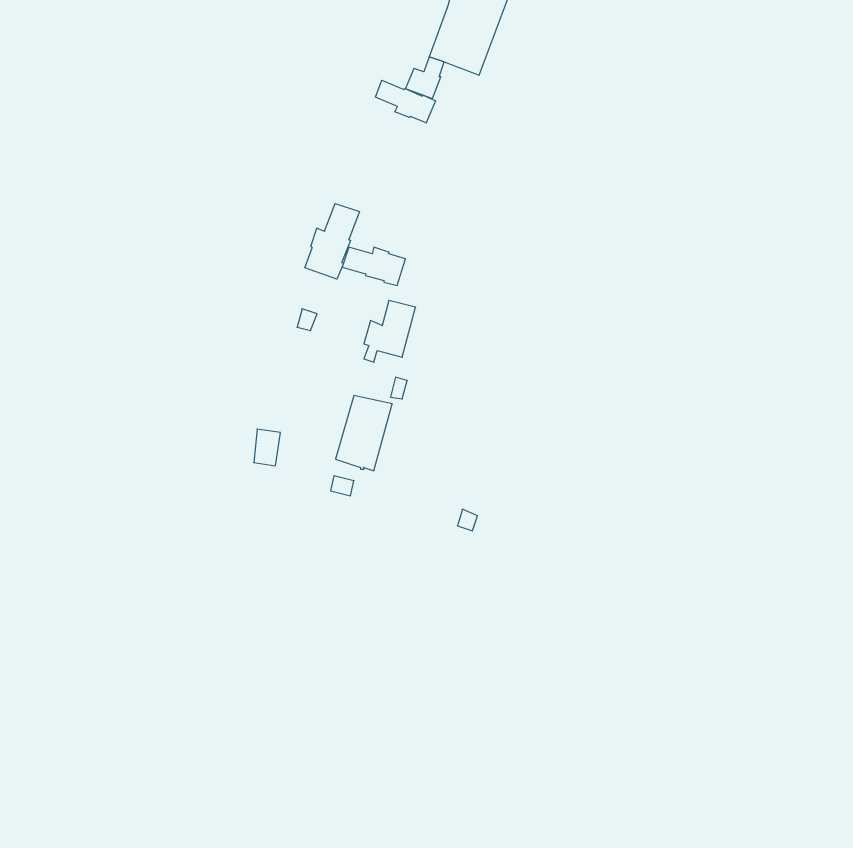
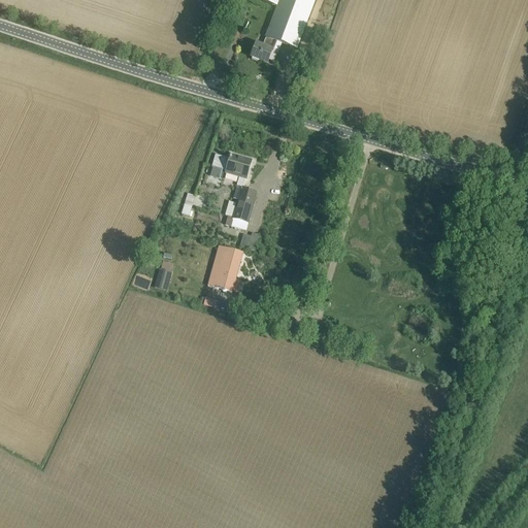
building: [375,80,435,123] -> none
building: [305,204,359,279] -> none

